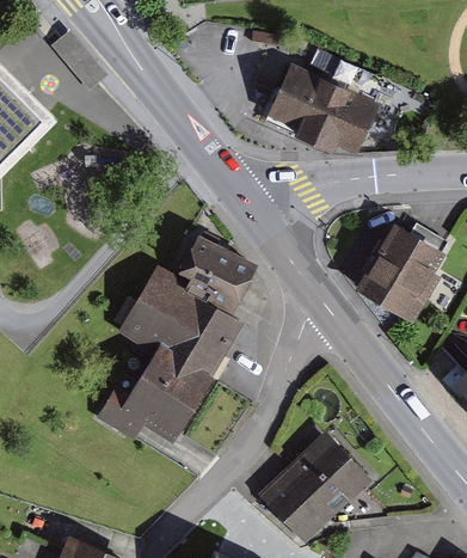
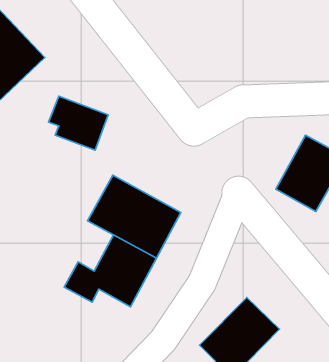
building: [262,62,375,154] -> none
building: [180,244,257,313] -> [49,96,108,150]

